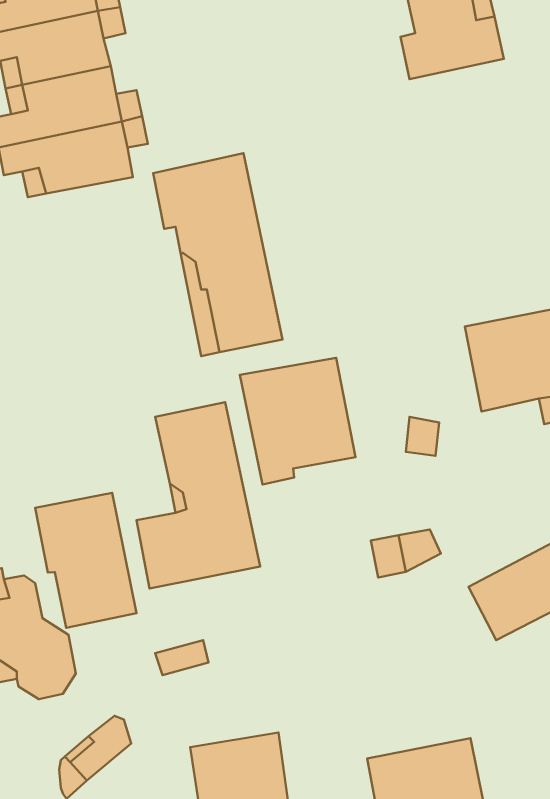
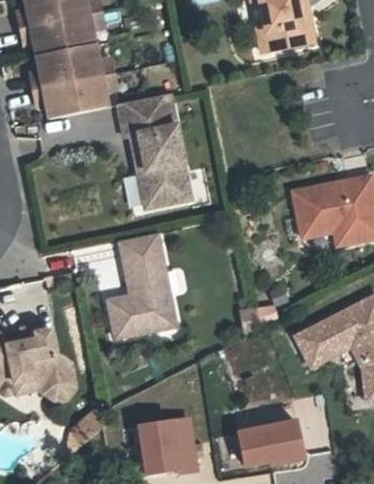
building: [240,358,355,485] -> none
building: [35,493,136,628] -> none

